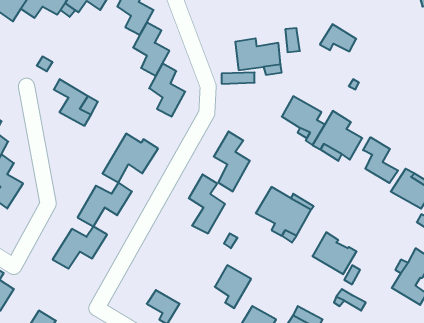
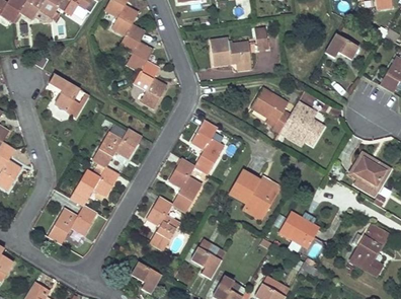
building: [320,24,356,51] -> [325,34,357,59]
building: [363,137,398,183] -> none
building: none -> [147,198,179,250]

